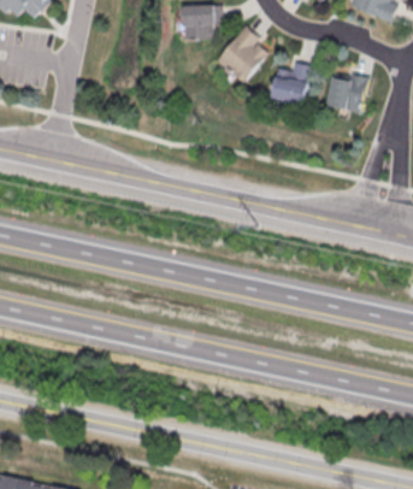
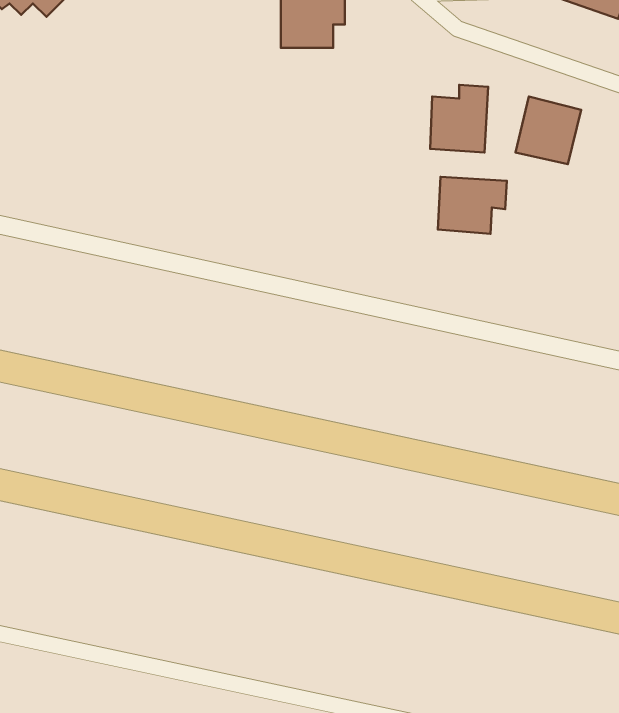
building: [216,25,272,82] -> none
building: none -> [438,177,507,234]

